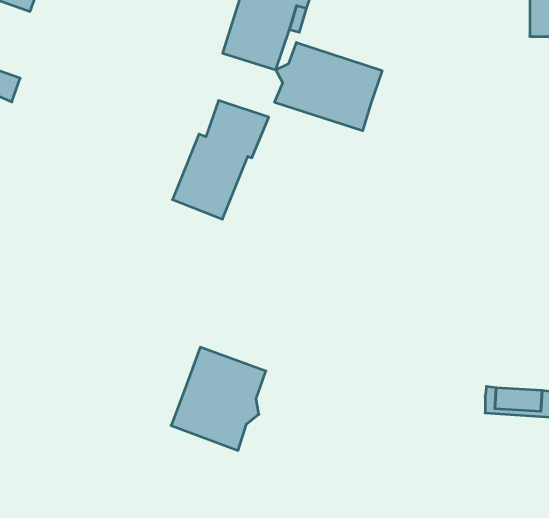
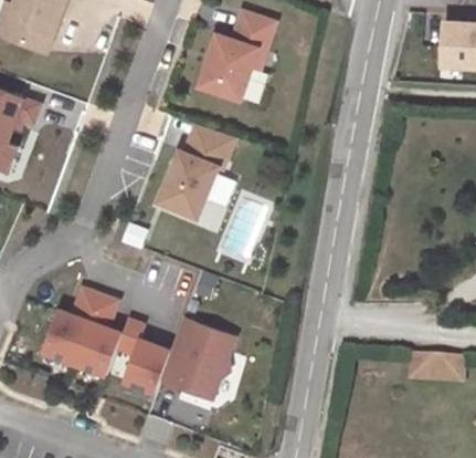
building: [275,42,382,131] -> none
building: none -> [42,290,169,392]

